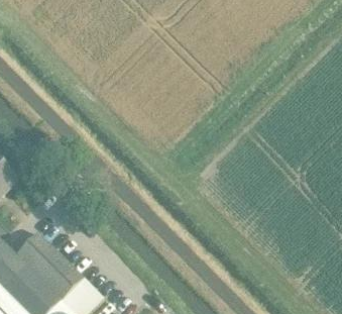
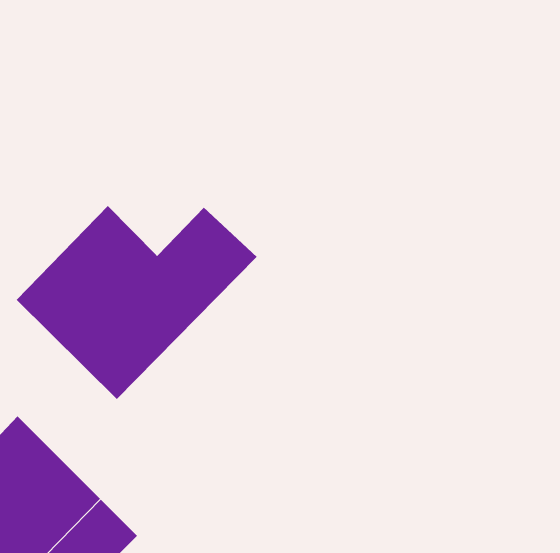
building: none -> [16,205,258,400]

